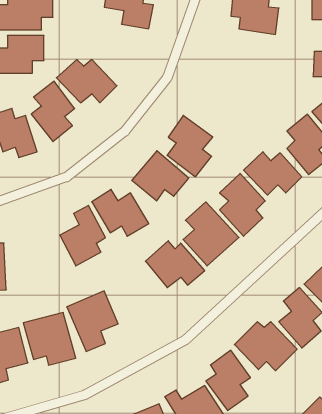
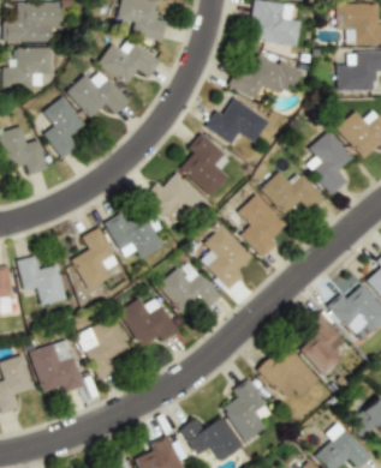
building: none -> [96,38,161,86]
building: none -> [230,52,303,100]
building: none -> [206,98,268,148]
building: none -> [17,254,66,306]
building: none -> [120,298,180,344]

